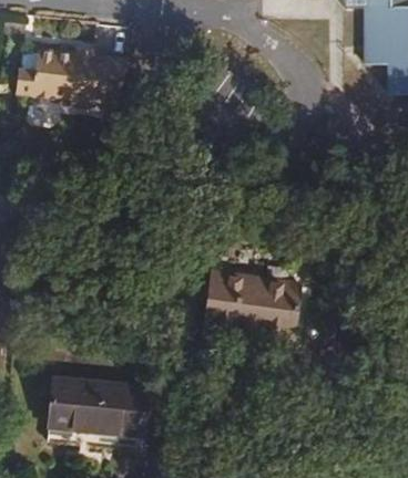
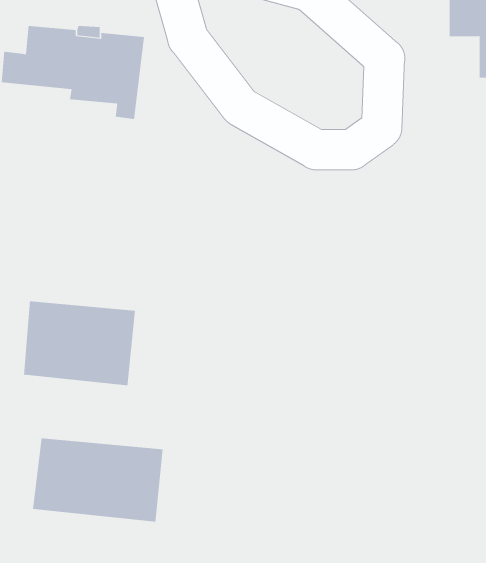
building: [197,264,297,337] -> none
building: none -> [24,300,135,386]

